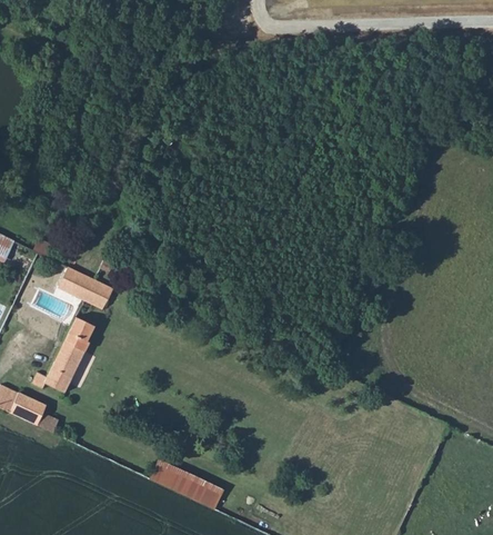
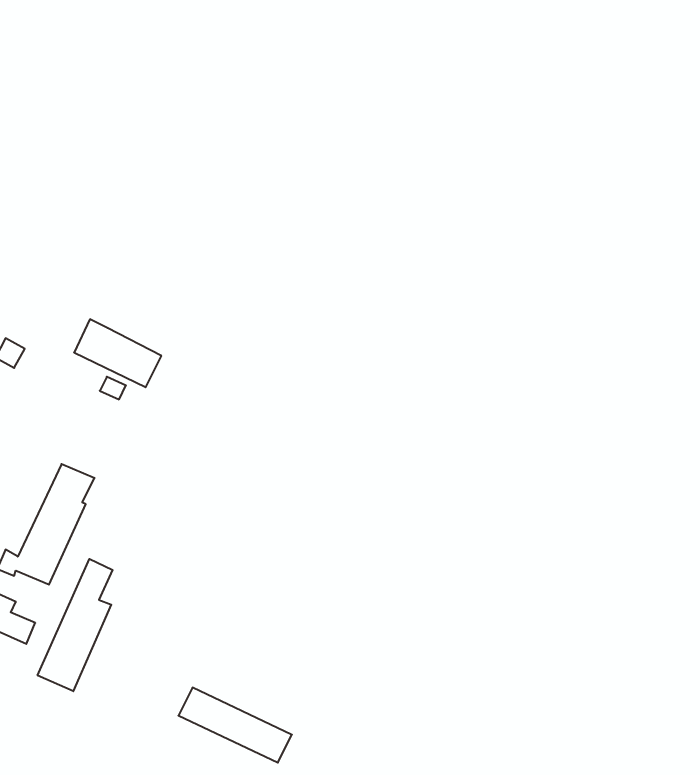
building: [59,266,114,309] -> [74,319,161,387]
building: none -> [38,559,113,691]

